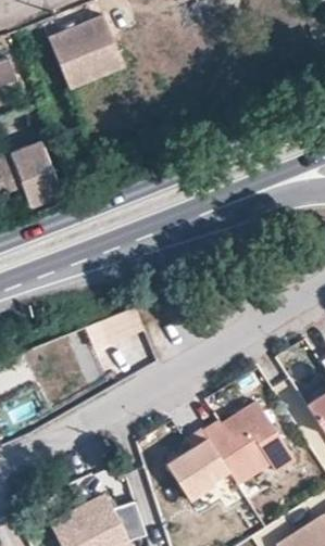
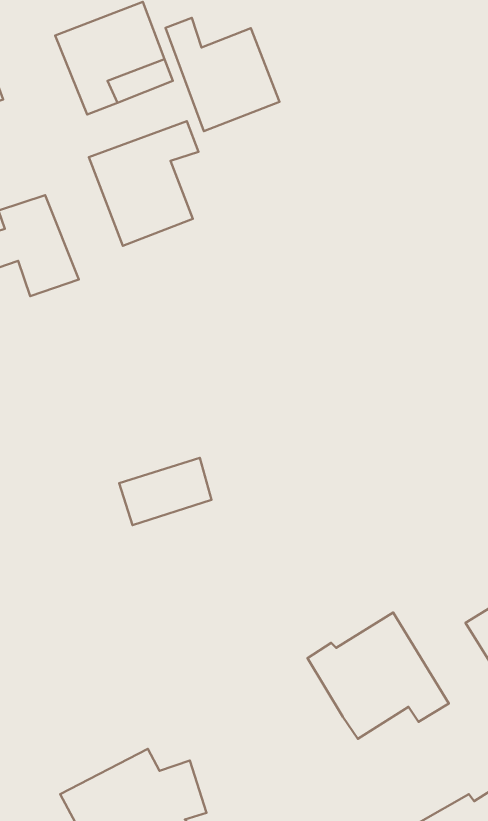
building: none -> [166,18,279,131]
building: none -> [89,121,199,246]
building: [170,431,229,501] -> none

